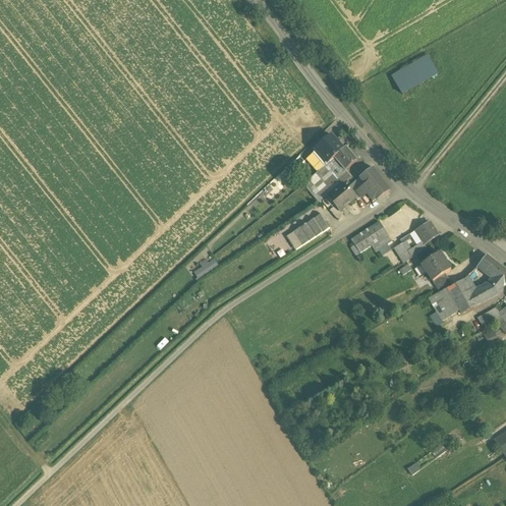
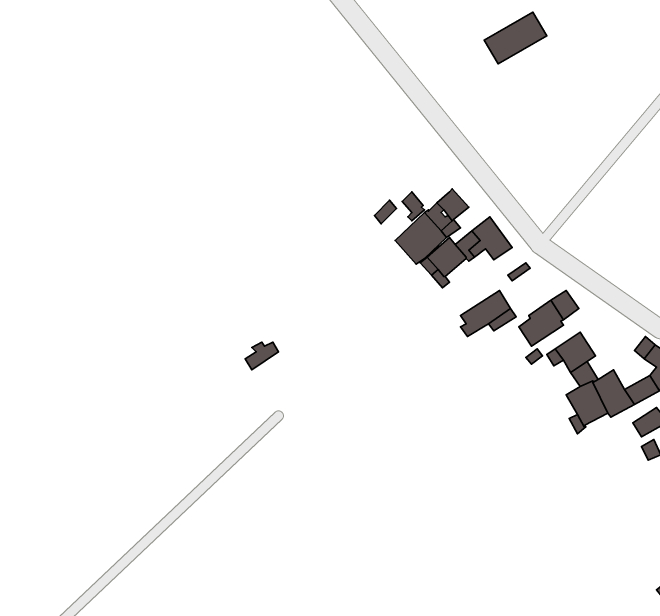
building: [392,55,438,93] -> [484,12,547,64]
building: [315,133,343,162] -> none
building: [287,212,330,247] -> none

